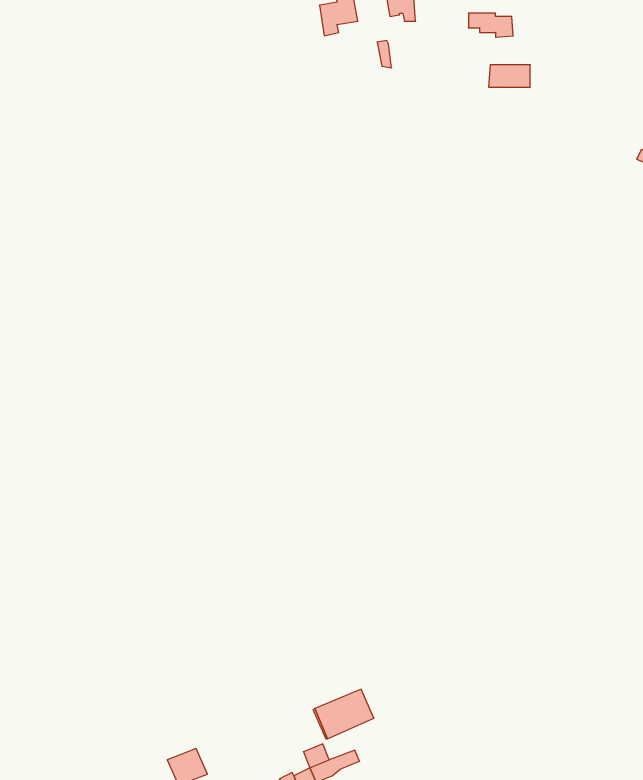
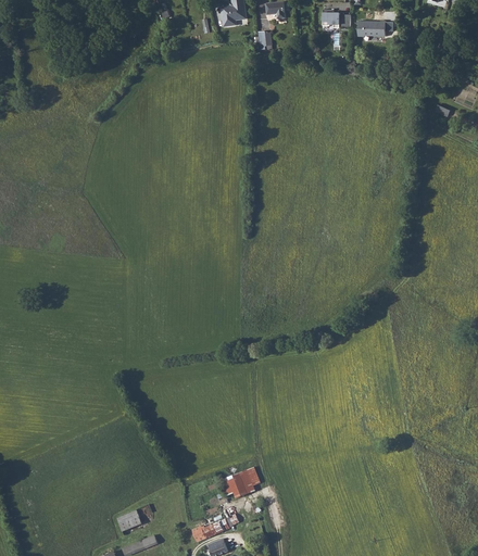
building: [489,65,530,87] -> [357,20,386,35]

